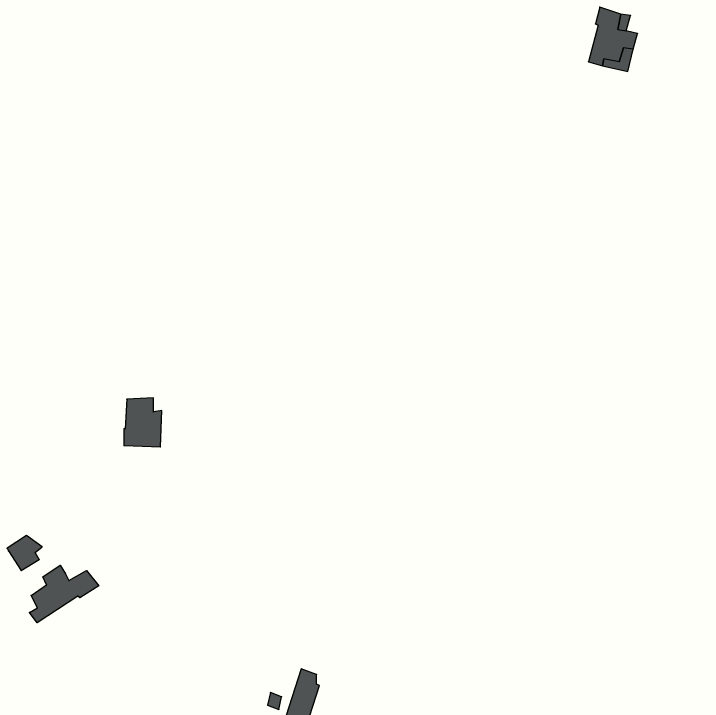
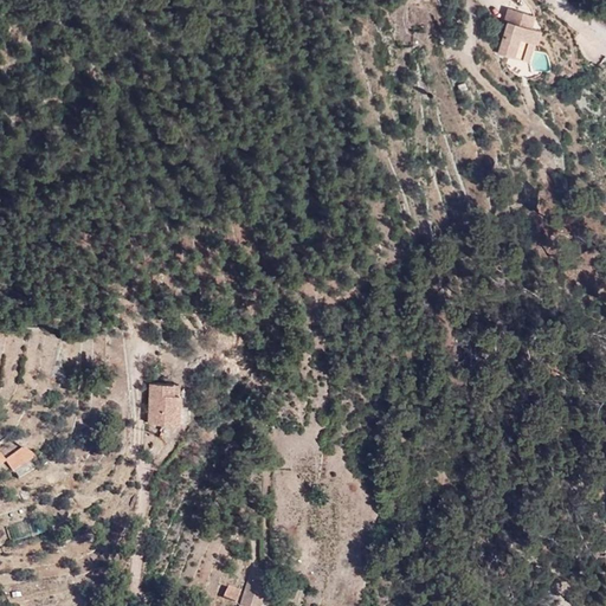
building: [124,398,162,447] -> [148,382,180,424]
building: [29,565,99,623] -> none

